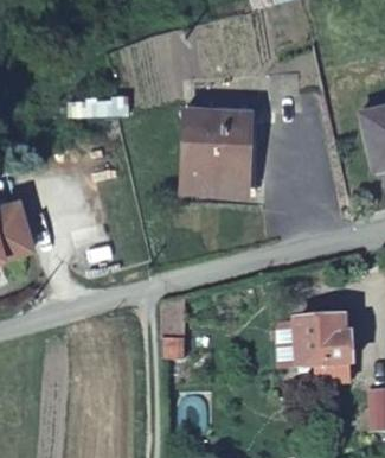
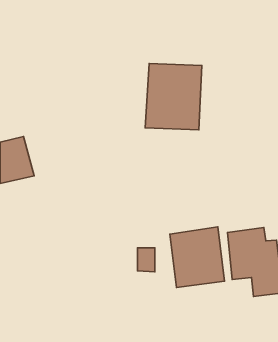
building: none -> [170,227,224,287]

